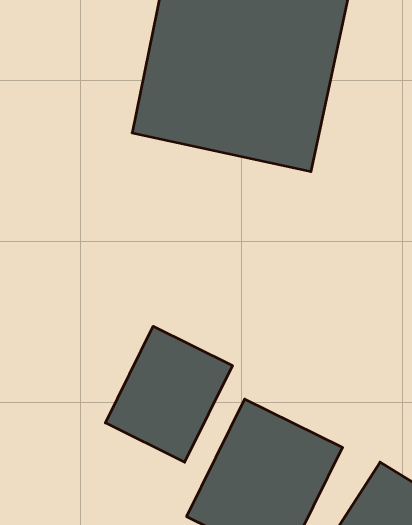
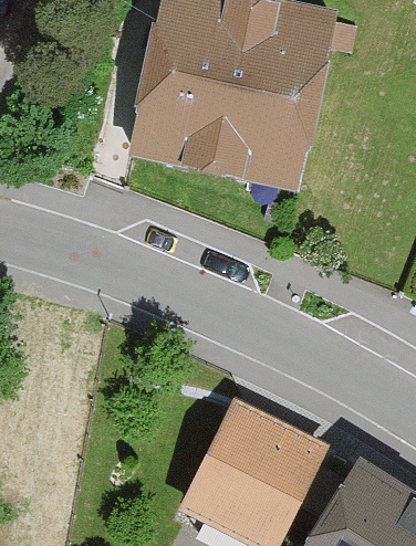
building: [105,326,232,462] -> none

